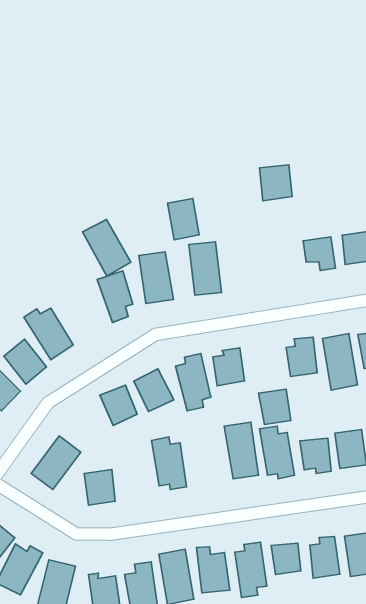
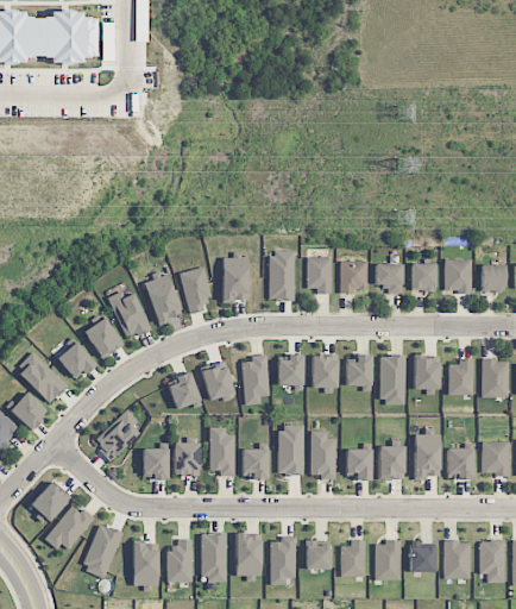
building: [259,165,292,201] -> [340,259,369,290]
building: [168,198,199,240] -> [307,256,332,291]
building: [82,219,131,276] -> [143,271,183,324]
building: [259,389,291,424] -> [312,357,338,387]
building: none -> [241,447,268,477]
building: none -> [174,441,200,475]

